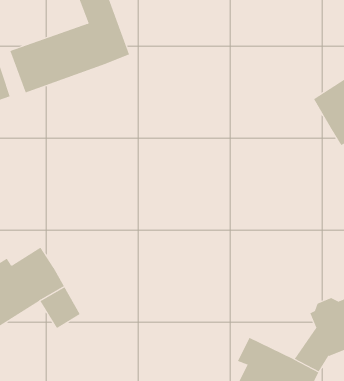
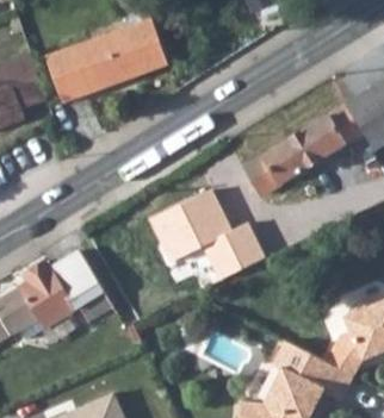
building: none -> [246,105,364,194]
building: none -> [144,191,264,281]

